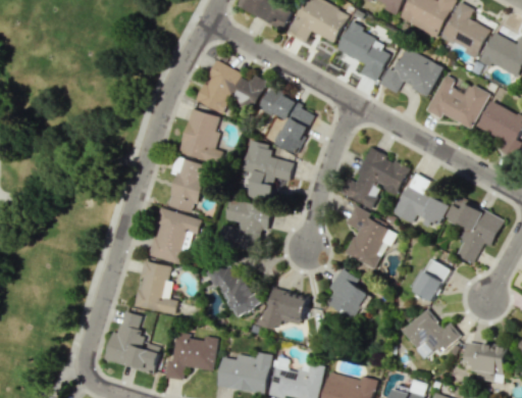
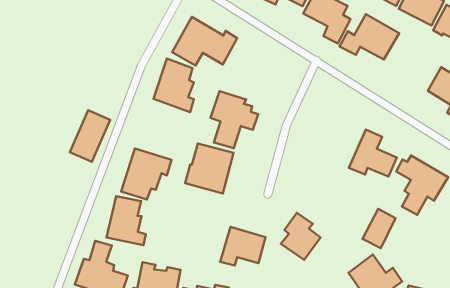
building: [426,73,488,128] -> none
building: [261,90,315,153] -> none
building: [340,148,410,208] -> none
building: [166,157,208,213] -> [70,110,110,162]
building: [346,205,395,268] -> none
building: [207,261,263,316] -> none

